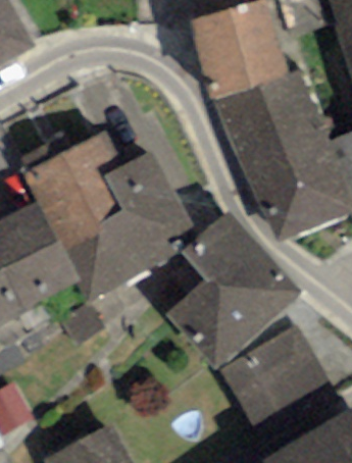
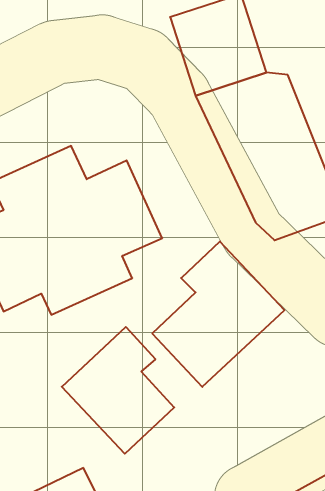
building: none -> [62,327,174,454]
building: [223,332,325,427] -> none

